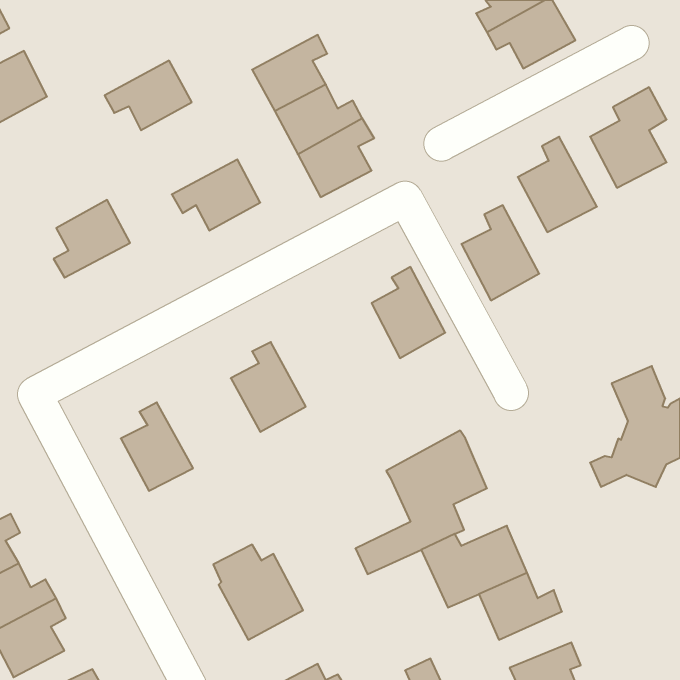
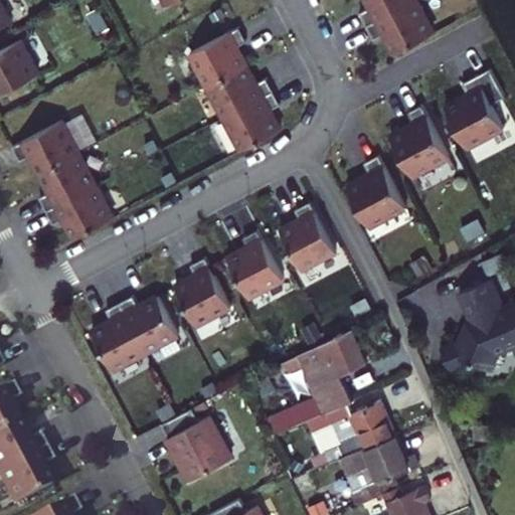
building: [105,61,192,130] -> [15,123,80,175]
building: [172,159,260,231] -> [48,186,115,239]
building: none -> [226,232,282,301]
building: none -> [118,298,178,355]

